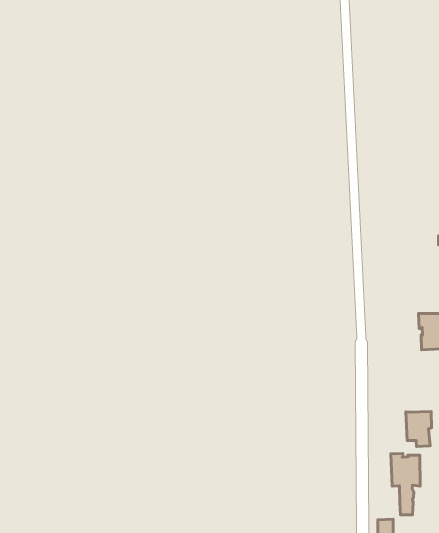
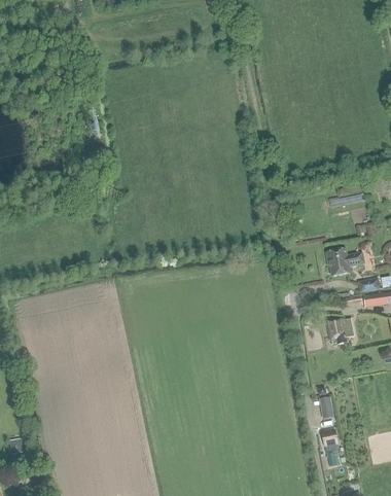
building: [391,453,420,515] -> none

